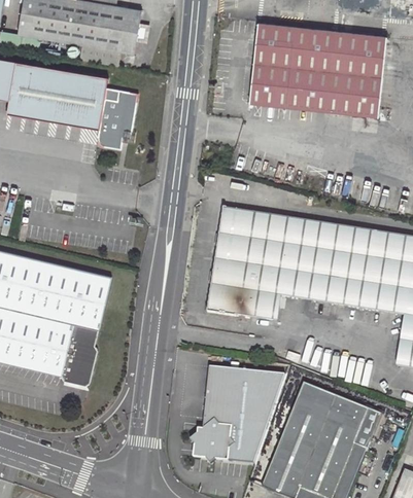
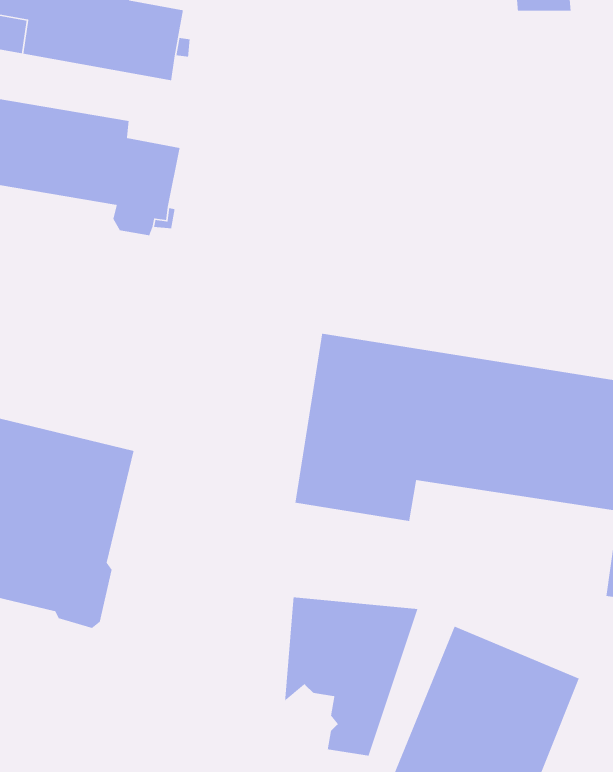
building: [250,22,386,116] -> none
building: [190,419,233,461] -> none

